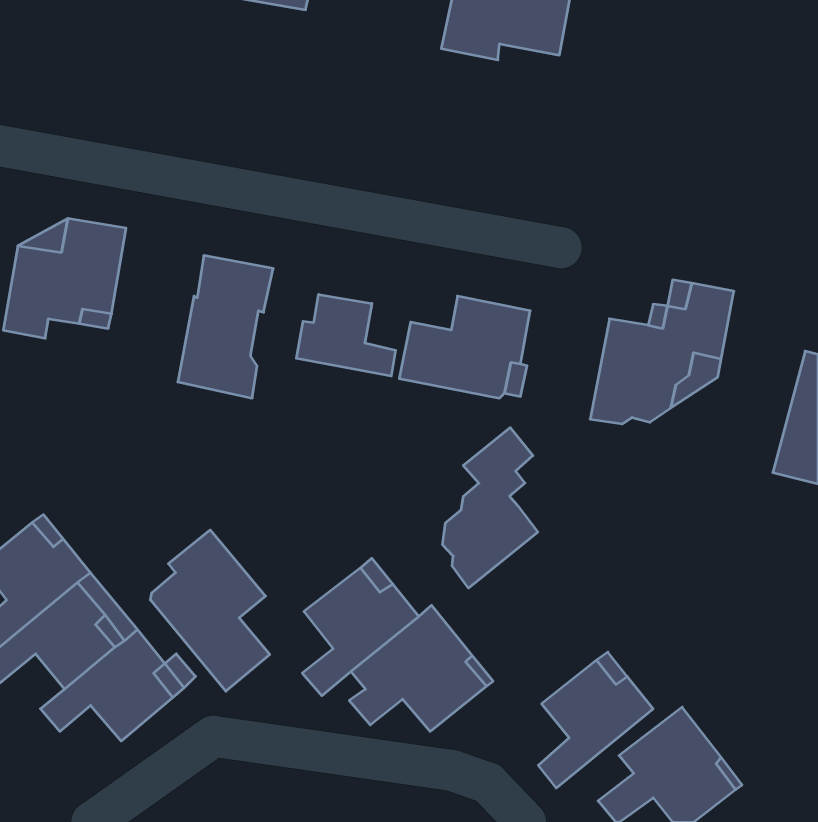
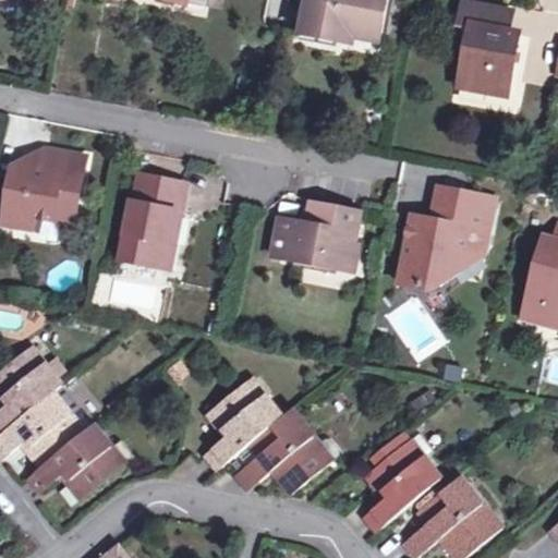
building: none -> [458,4,515,96]
building: [296,294,396,376] -> none
building: [443,428,538,588] -> none
building: [150,530,270,691] -> none

